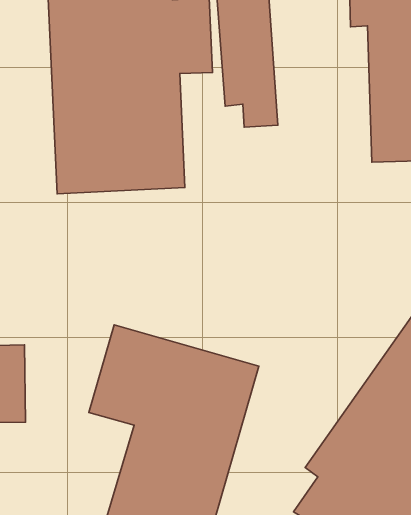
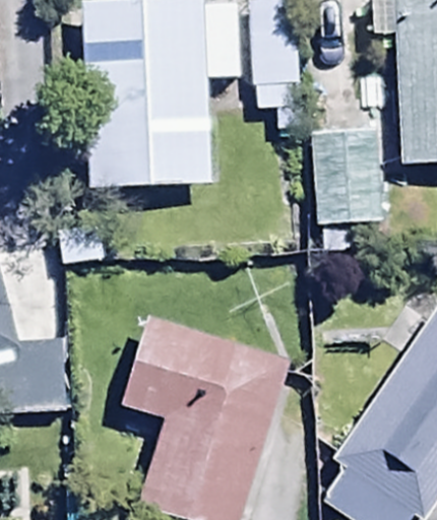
building: none -> [311,128,386,226]

